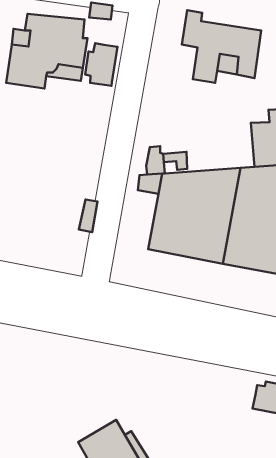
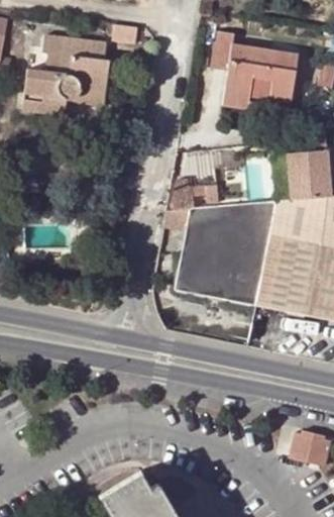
building: [85,43,117,86] -> none

